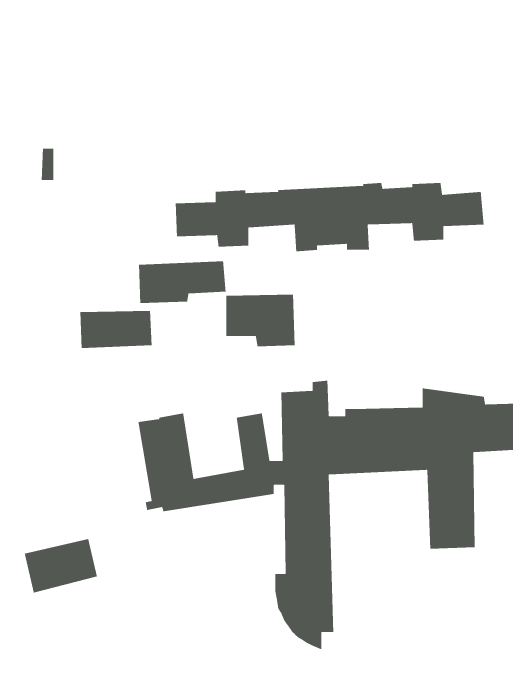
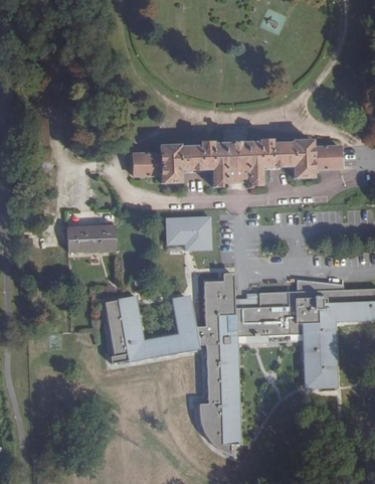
building: [138,260,226,304] -> none
building: [24,538,98,593] -> none

